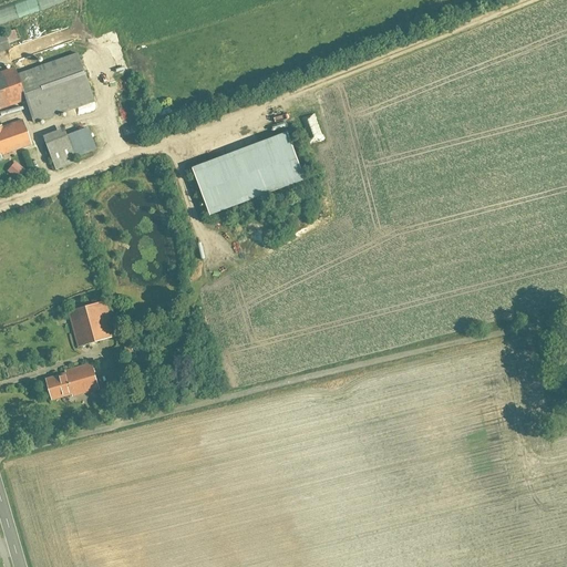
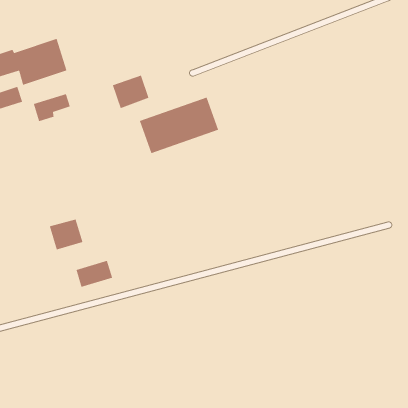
building: none -> [112,74,149,109]
building: [47,361,99,400] -> [75,260,113,288]

